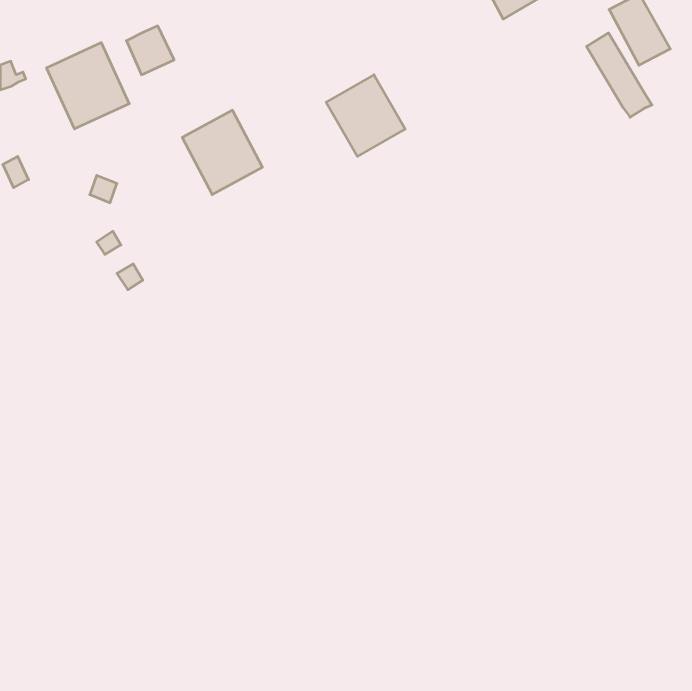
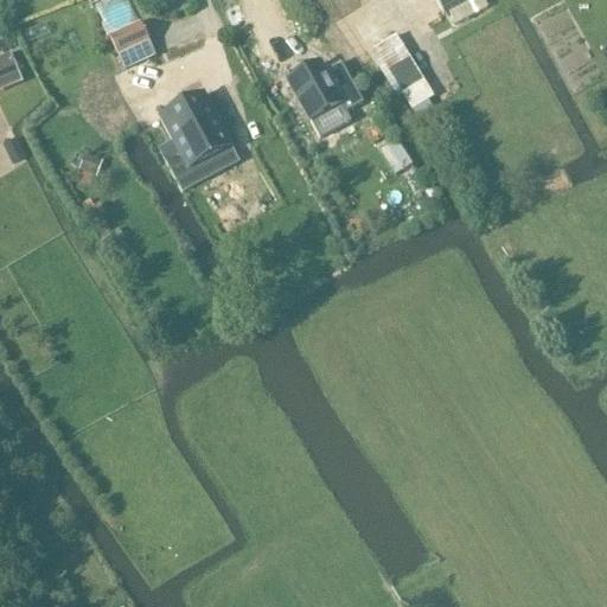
building: [587,33,652,117] -> [378,34,435,108]
building: [47,43,129,129] -> none

